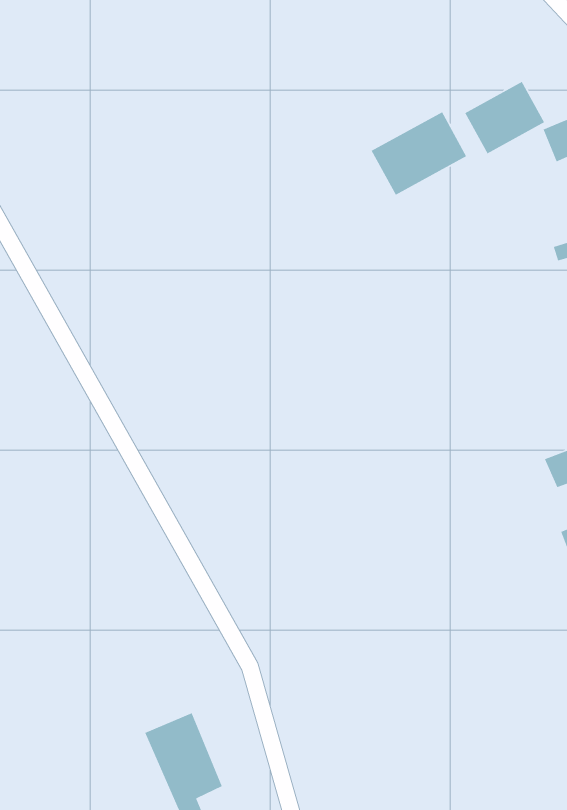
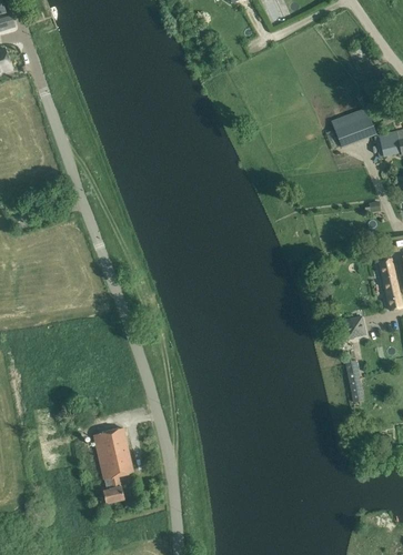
building: [371,111,467,196] -> none

